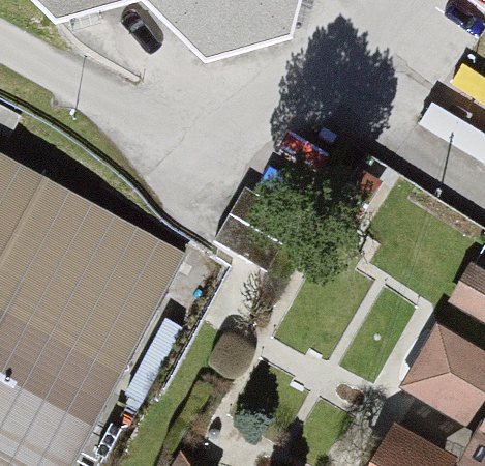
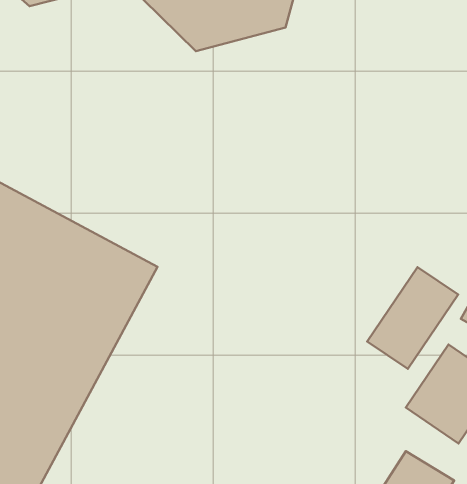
building: none -> [367,267,458,369]

